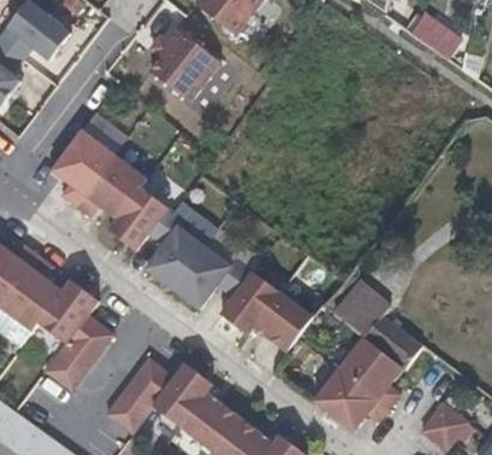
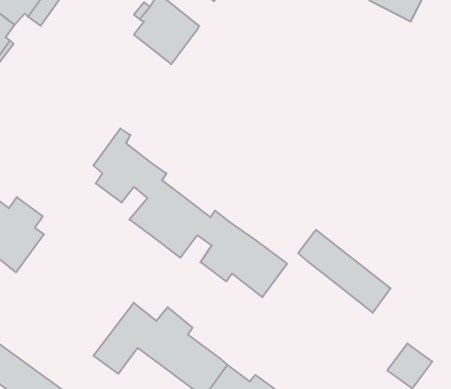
building: [51,132,134,217] -> none
building: [22,279,112,391] -> none
building: [314,337,403,432] -> none

